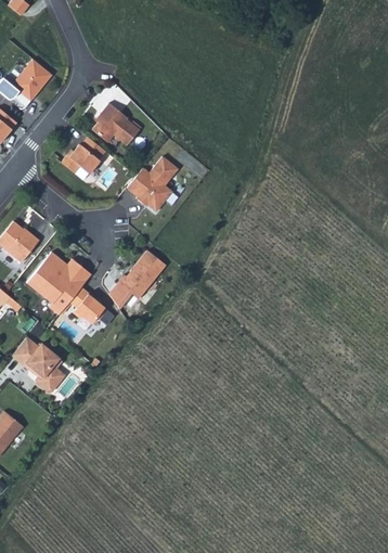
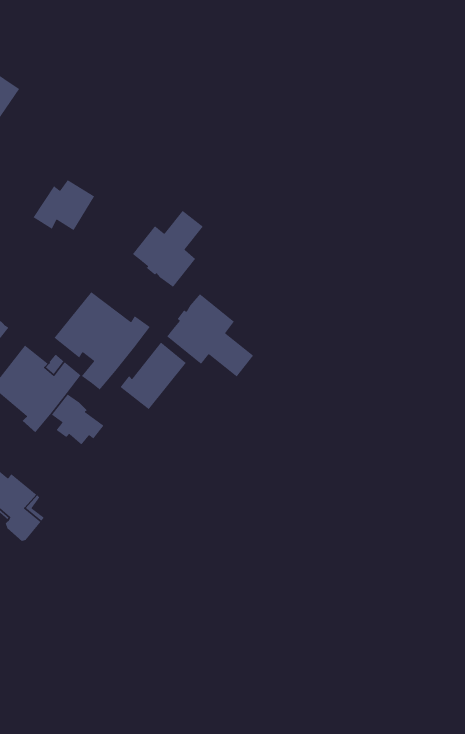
building: [93,103,141,146] -> none
building: none -> [53,291,151,391]
building: none -> [166,293,254,377]

